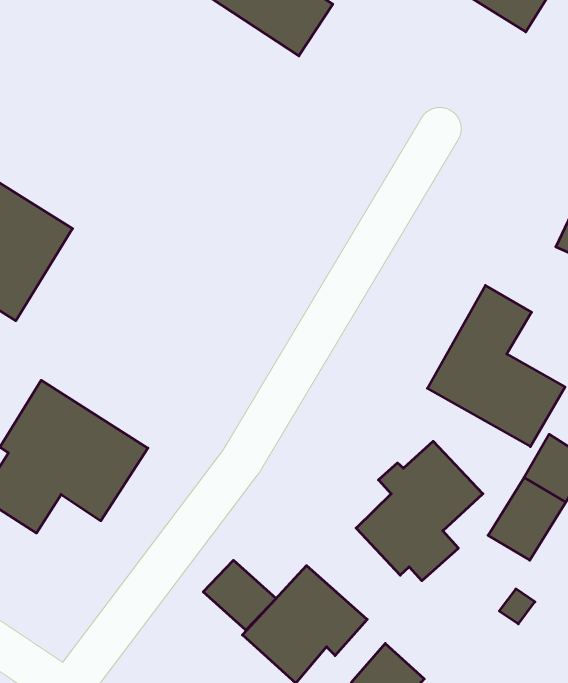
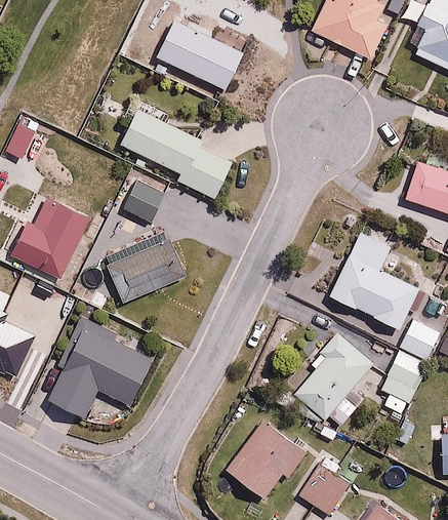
building: none -> [119,112,233,199]
building: none -> [122,177,168,225]
building: none -> [105,238,182,304]
building: [203,560,276,630] -> none

